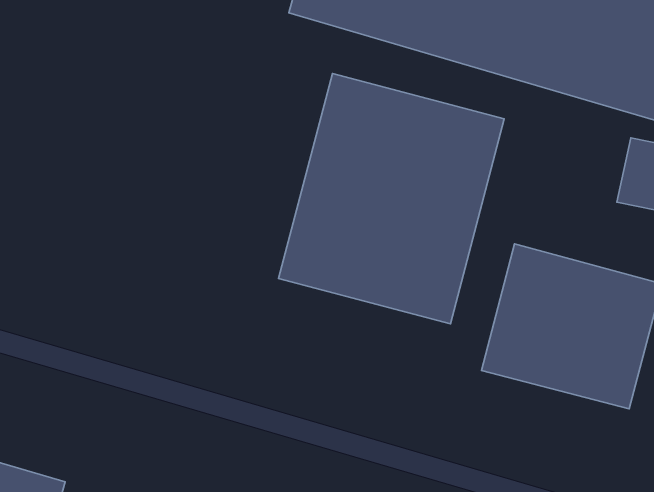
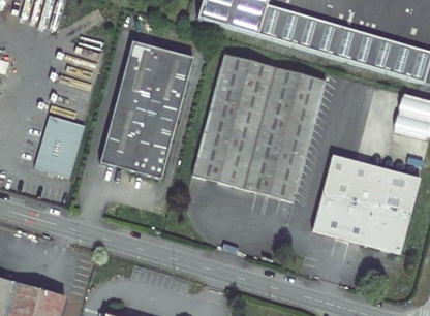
building: none -> [100,40,193,178]
building: none -> [35,117,86,177]

